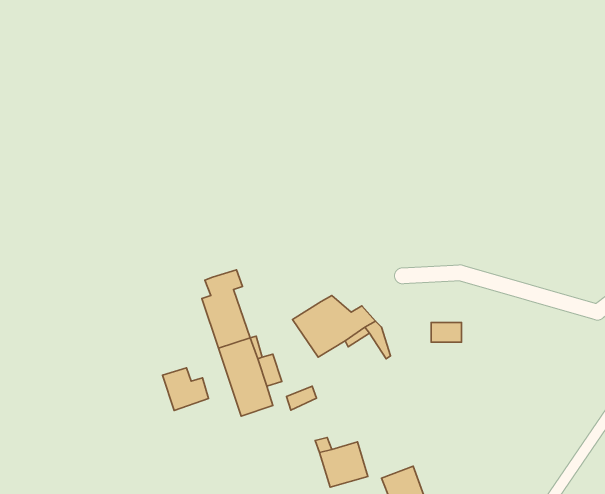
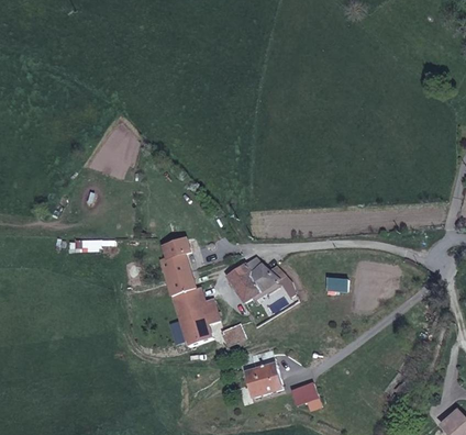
building: [162,368,209,411] -> none

